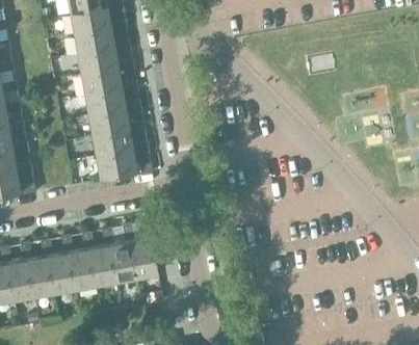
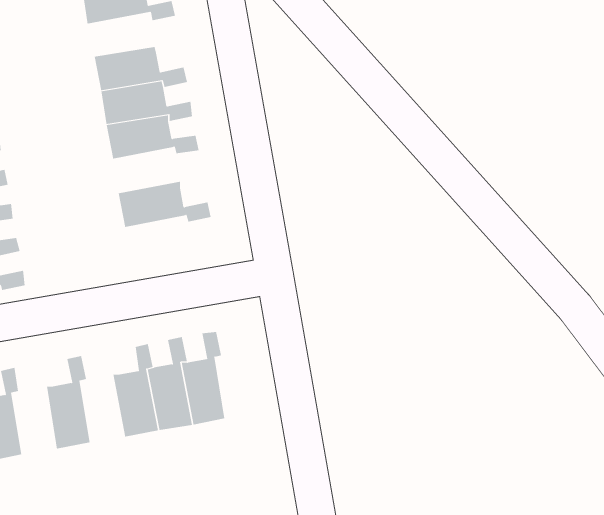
building: [74,27,131,54] -> none
building: [89,109,146,137] -> none
building: [97,151,154,179] -> none
building: [70,232,97,289] -> none
building: [28,240,55,296] -> none

